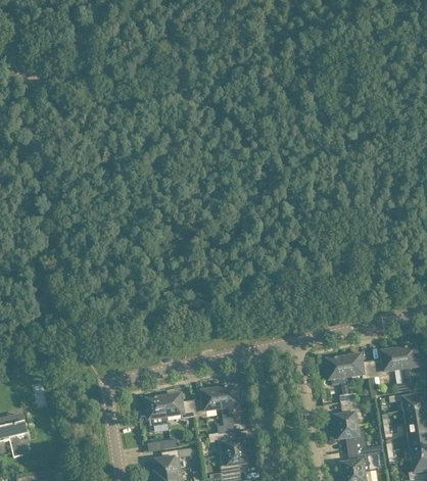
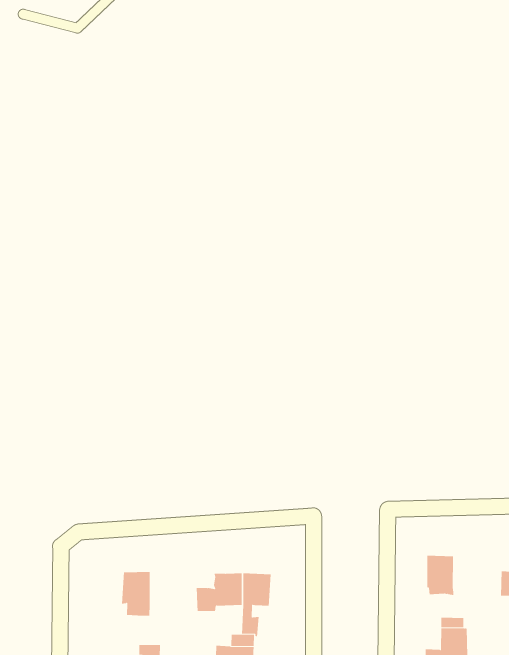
building: [343,354,375,378] -> none
building: [163,394,195,418] -> none

